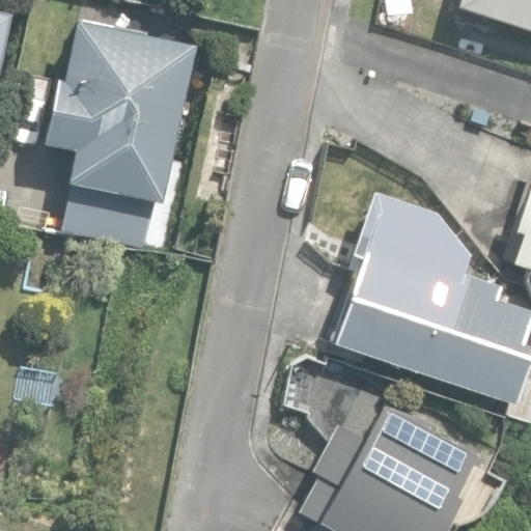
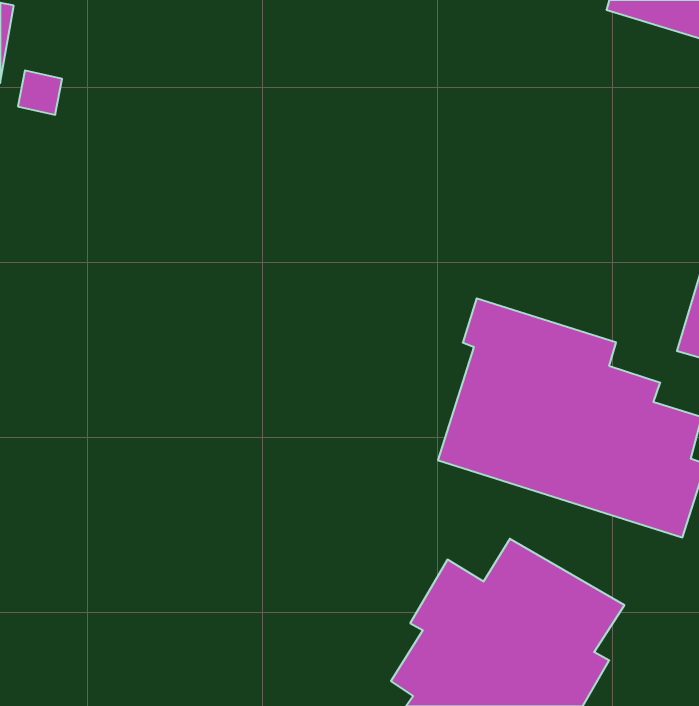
building: [50,21,187,246] -> none

